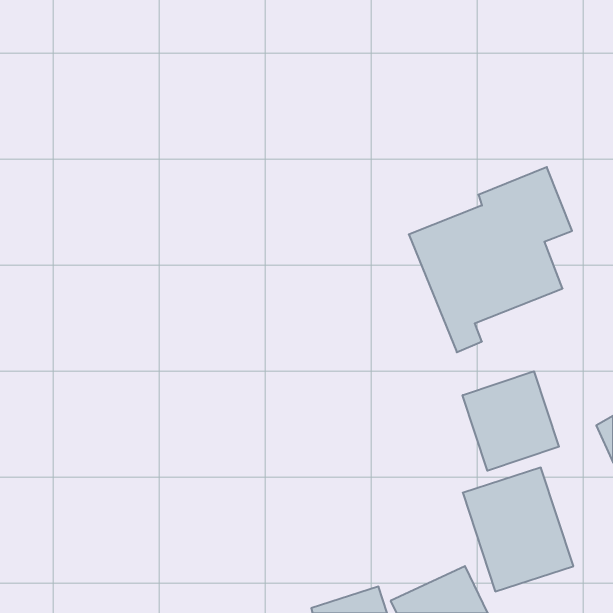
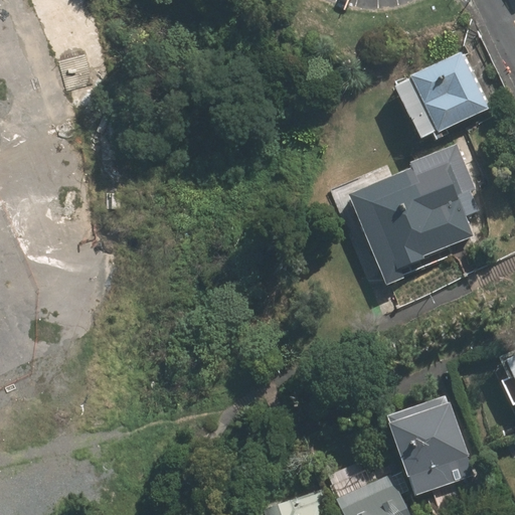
building: none -> [392,53,489,145]
building: [463,371,559,471] -> none

